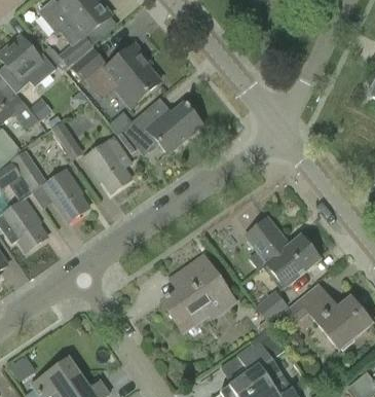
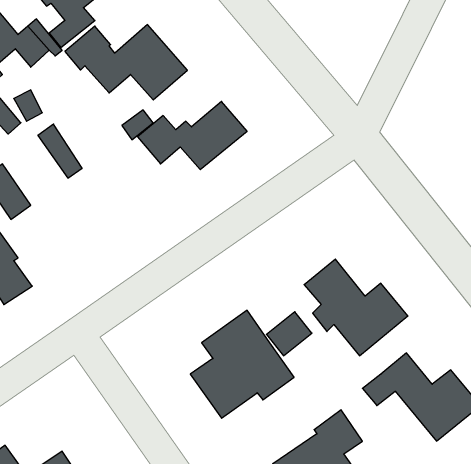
building: [83,136,132,191] -> none
building: [44,169,88,221] -> none
building: [256,289,289,321] -> [266,312,312,356]

